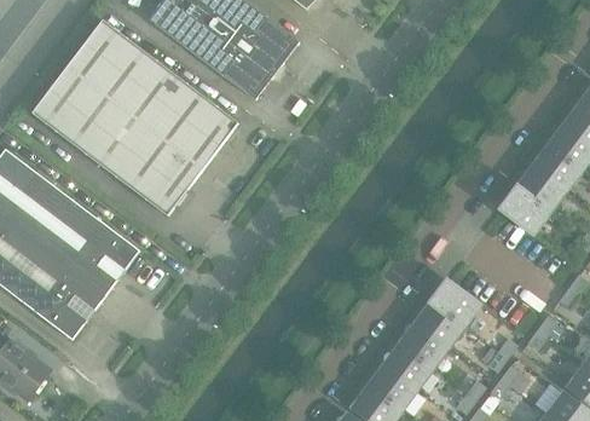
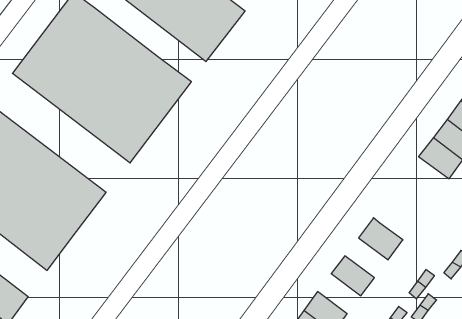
building: [413,301,463,347] -> none
building: [382,342,432,388] -> none

